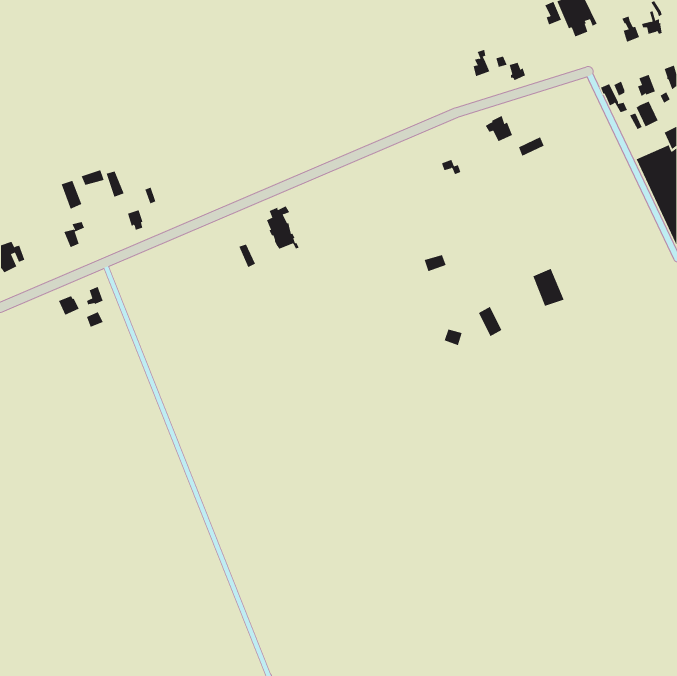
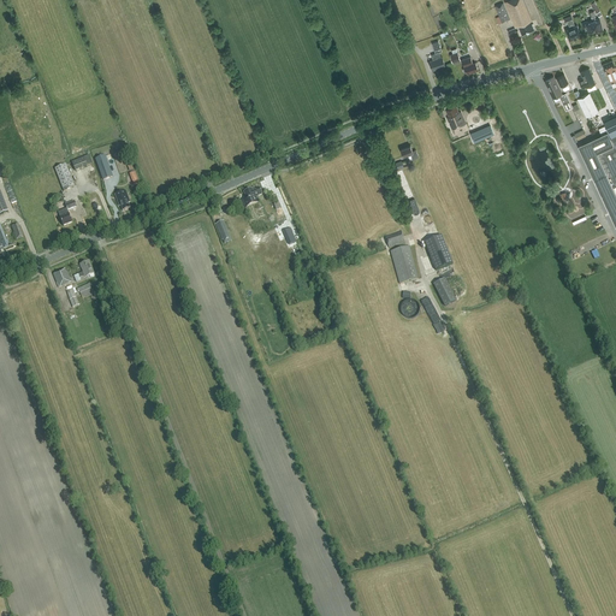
building: [533,268,564,307] -> [425,235,454,270]
building: none -> [391,245,419,283]

